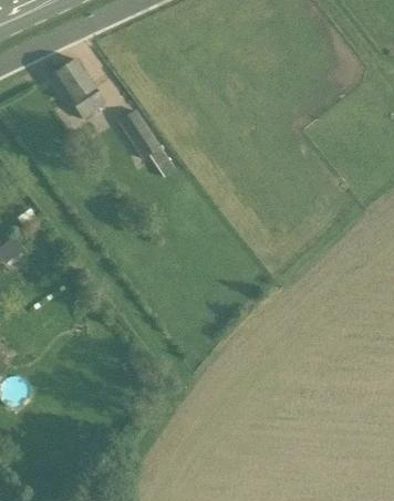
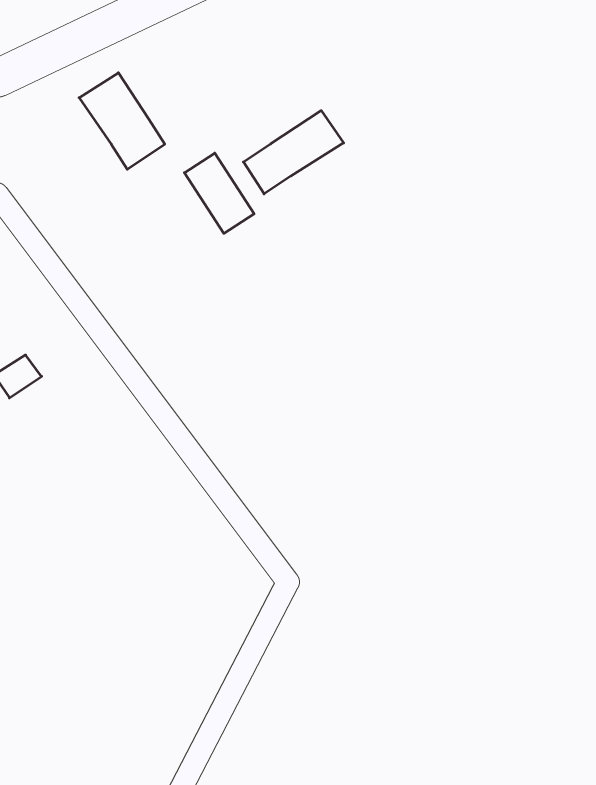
building: none -> [243,111,344,194]

